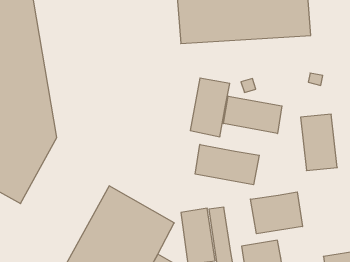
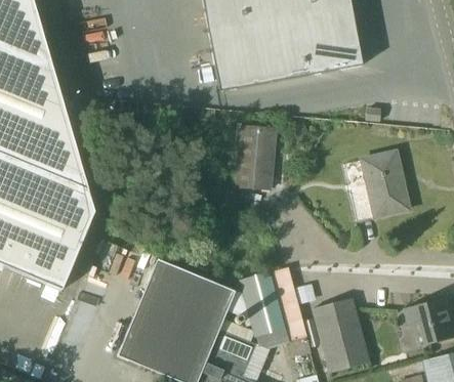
building: [223,96,282,134] -> none
building: [195,144,259,185] -> none
building: [250,192,302,234] -> none

